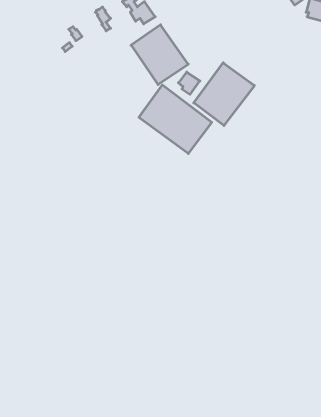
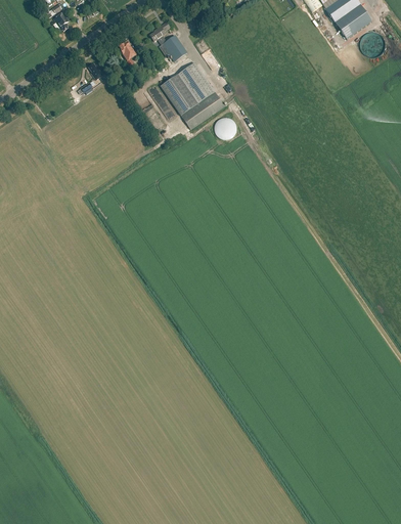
building: [194,63,254,126] -> none
building: [139,85,212,154] -> none

